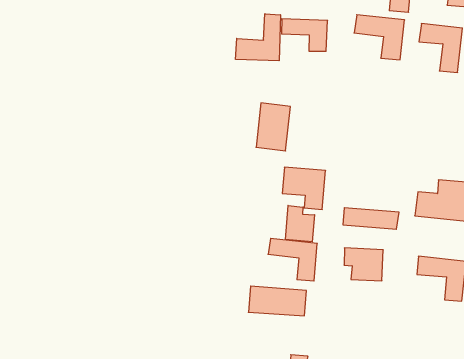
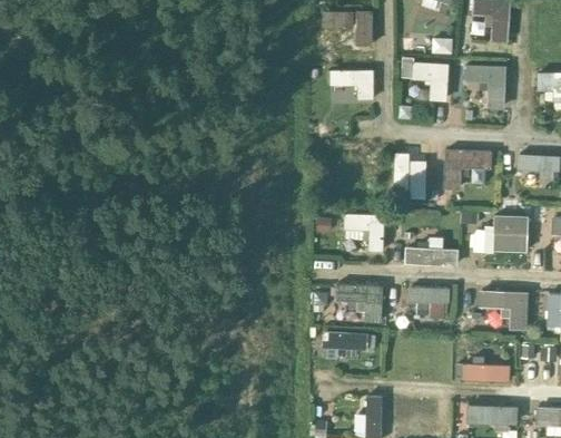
building: [236,14,280,61] -> none
building: [256,103,290,151] -> [394,146,424,191]
building: none -> [443,149,490,184]
building: [286,205,315,242] -> none
building: none -> [462,363,510,381]

